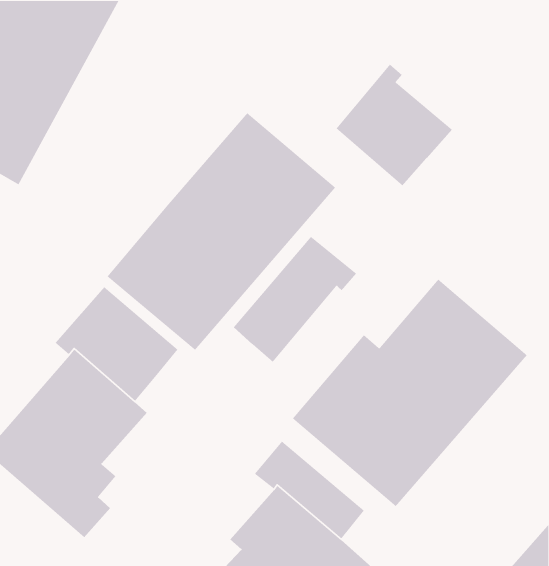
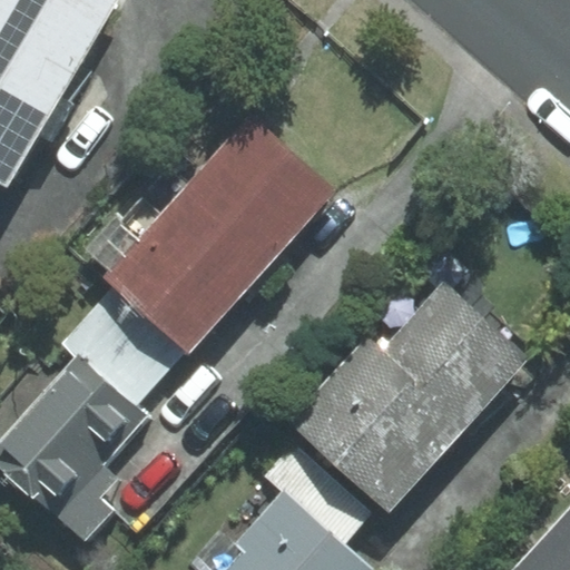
building: [335,64,453,186] -> none
building: [233,236,357,363] -> none

